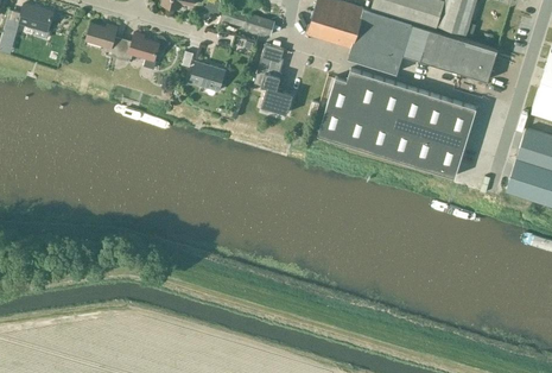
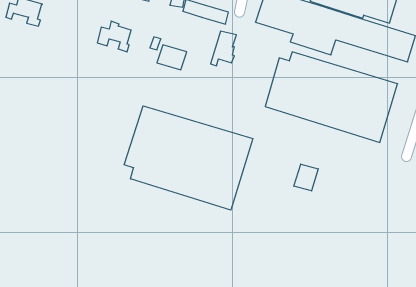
building: [85,23,122,58] -> none
building: [260,77,292,114] -> none
building: none -> [124,106,253,210]
building: none -> [294,164,318,191]

